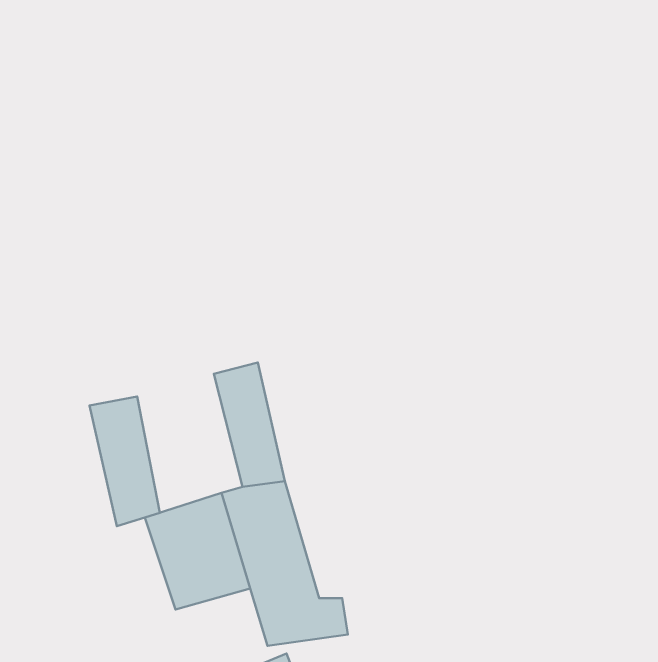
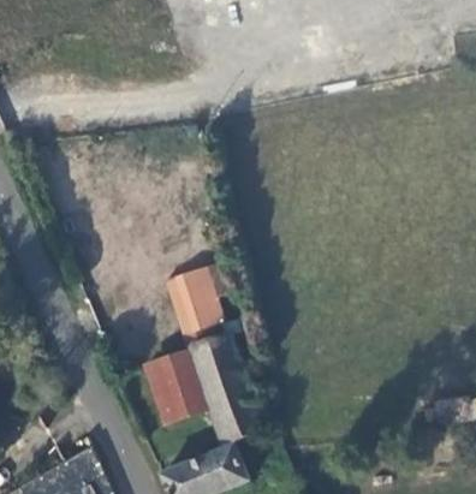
building: [90,396,160,526] -> none

